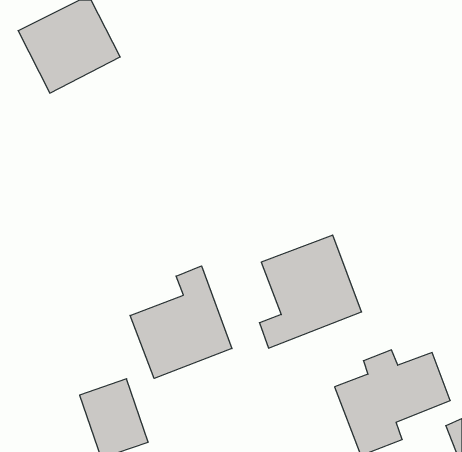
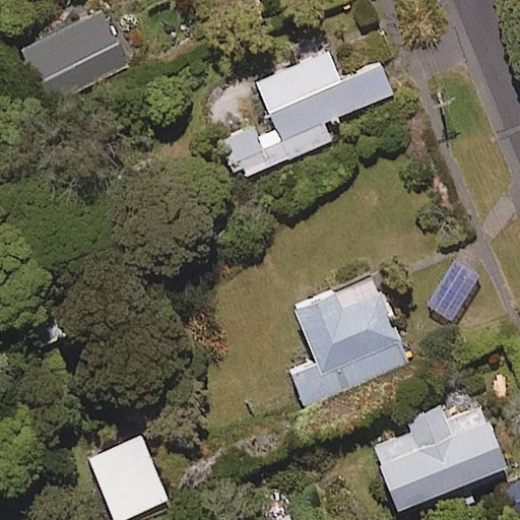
building: none -> [224,51,391,178]
building: [130,266,232,378] -> none

